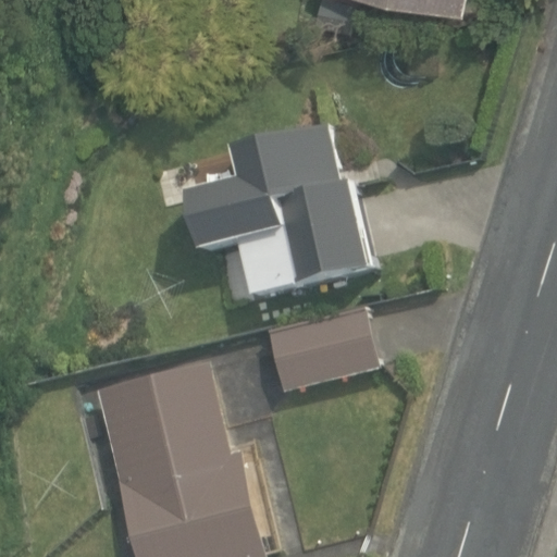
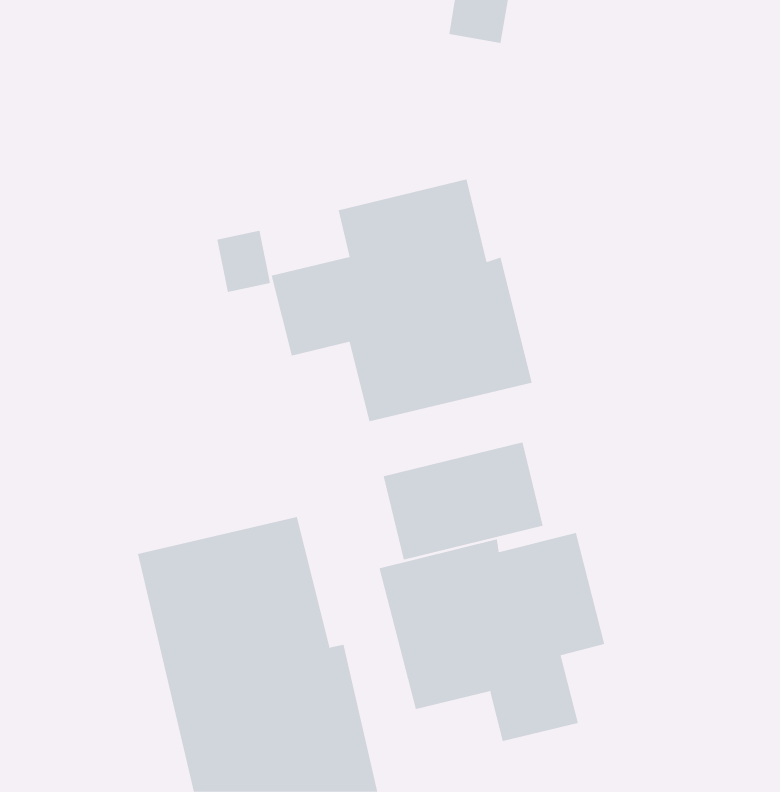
building: none -> [379,532,605,742]

